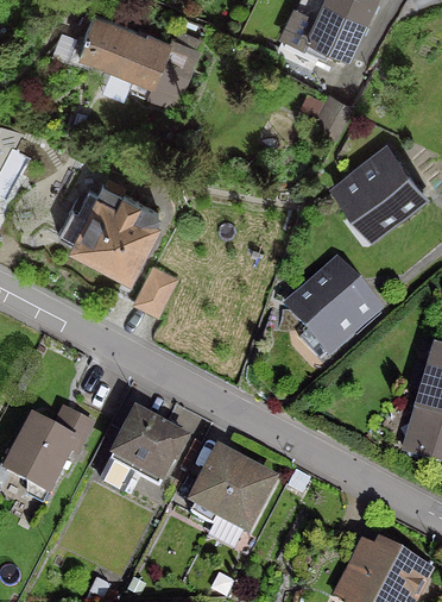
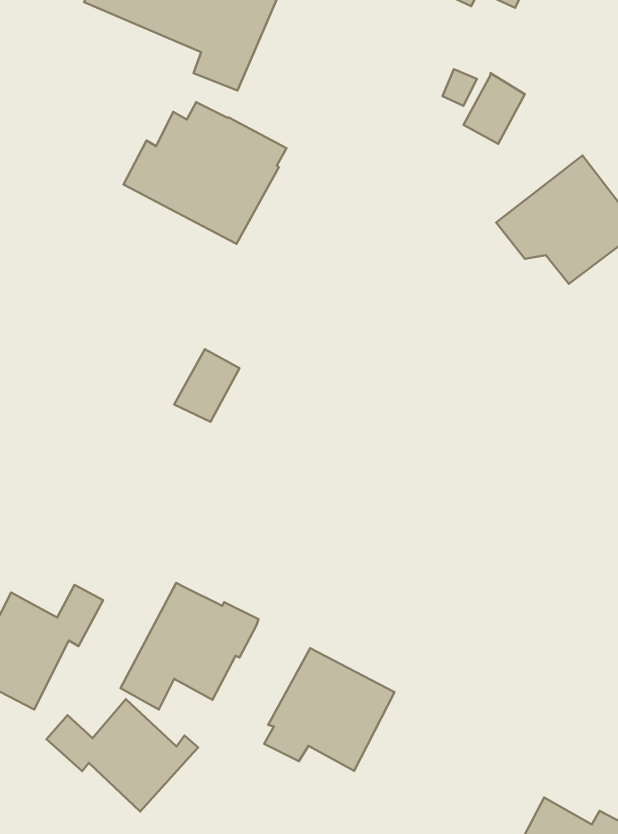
building: [57,184,158,272] -> [124,102,286,244]
building: [288,264,377,344] -> none
building: none -> [46,699,198,812]

